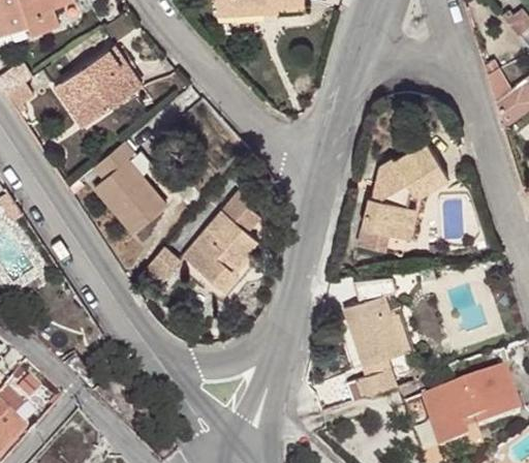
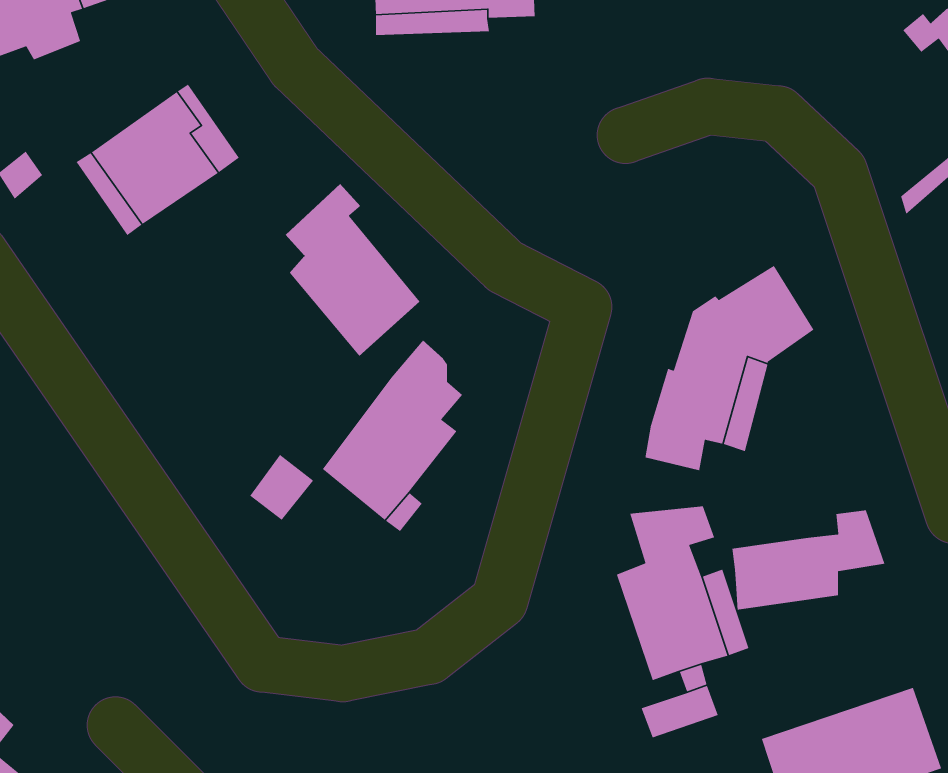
building: [95,140,168,234] -> [285,183,420,357]
building: none -> [732,510,886,610]

